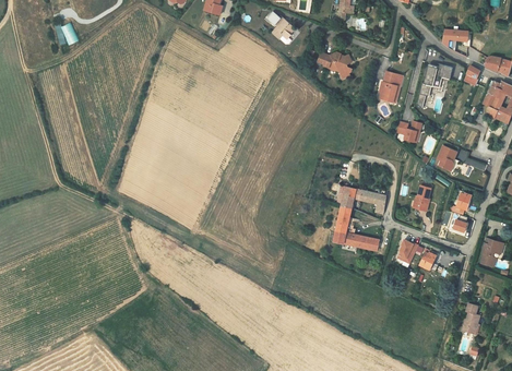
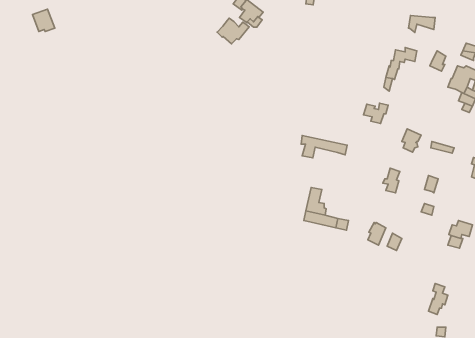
building: none -> [217,18,249,44]
building: [315,50,350,77] -> none
building: [377,69,400,99] -> none
building: [341,184,388,207] -> [301,135,347,158]

